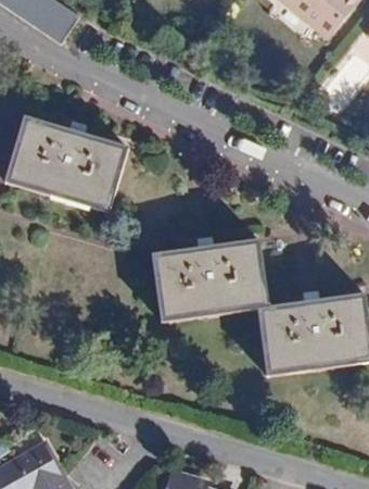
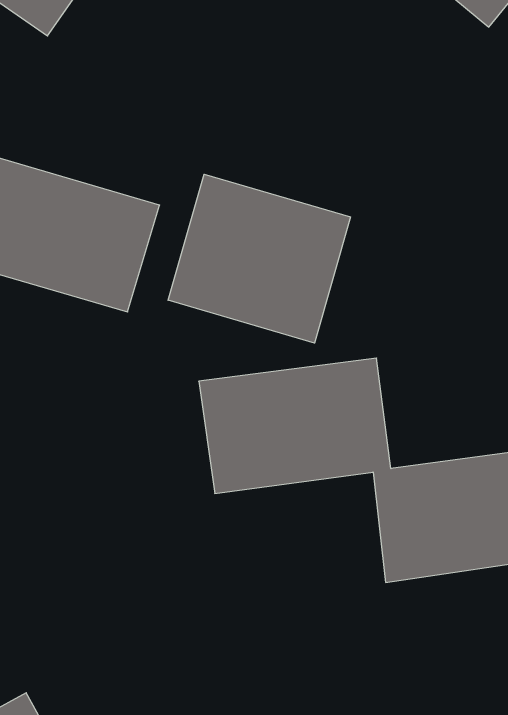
building: none -> [168,174,351,343]

